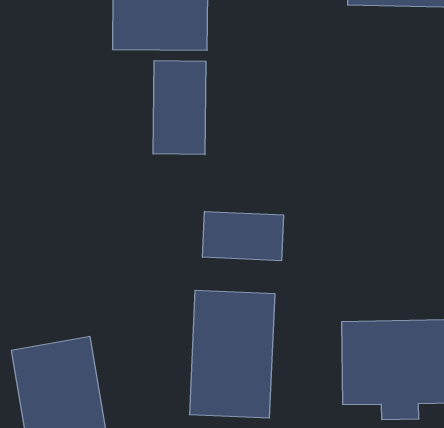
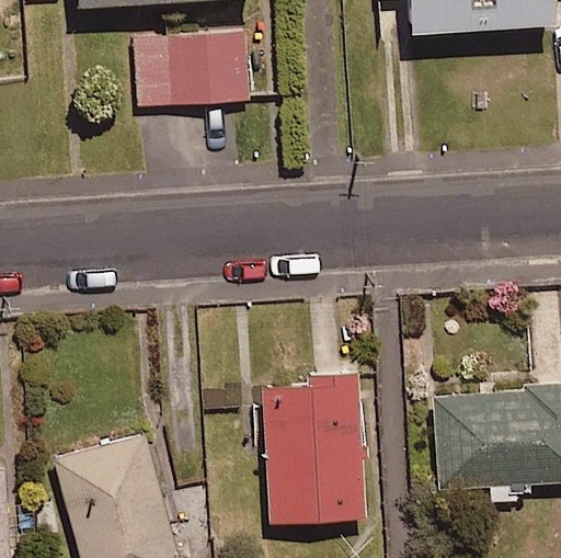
building: [153,61,206,155] -> none
building: [203,211,283,261] -> none

